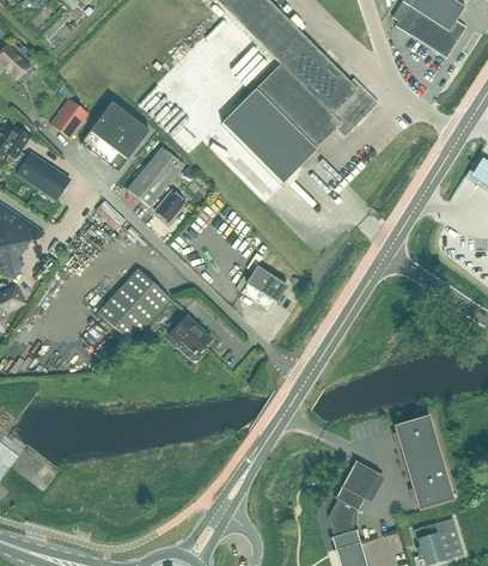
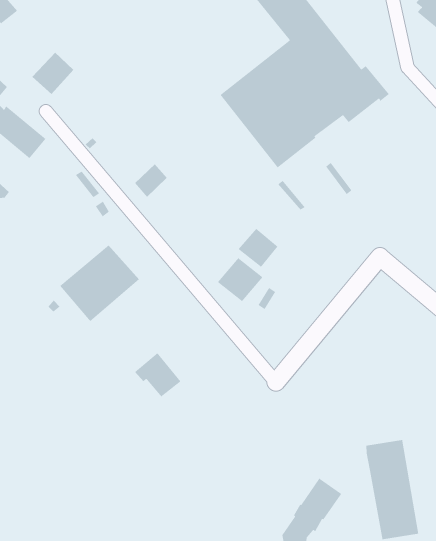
building: [81,101,150,171] -> none
building: [128,146,184,206] -> none
building: none -> [238,228,278,268]
building: [169,314,213,354] -> [134,352,182,397]

